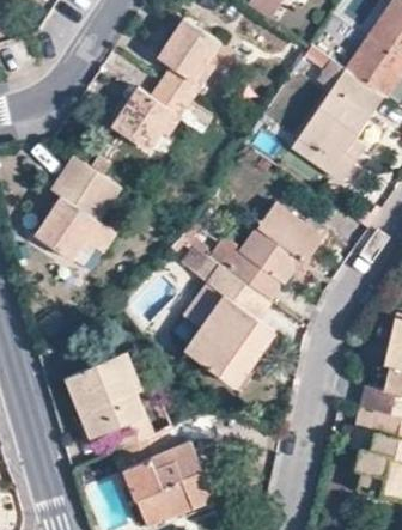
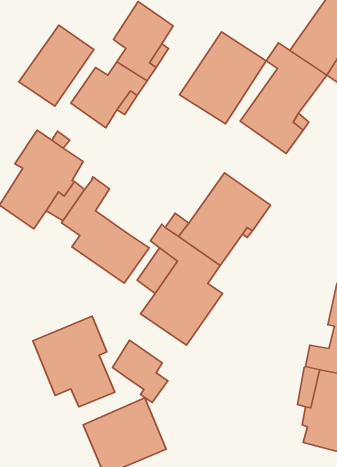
building: none -> [19,25,94,106]
building: none -> [180,32,266,124]
building: none -> [62,177,149,283]
building: none -> [112,340,168,403]

